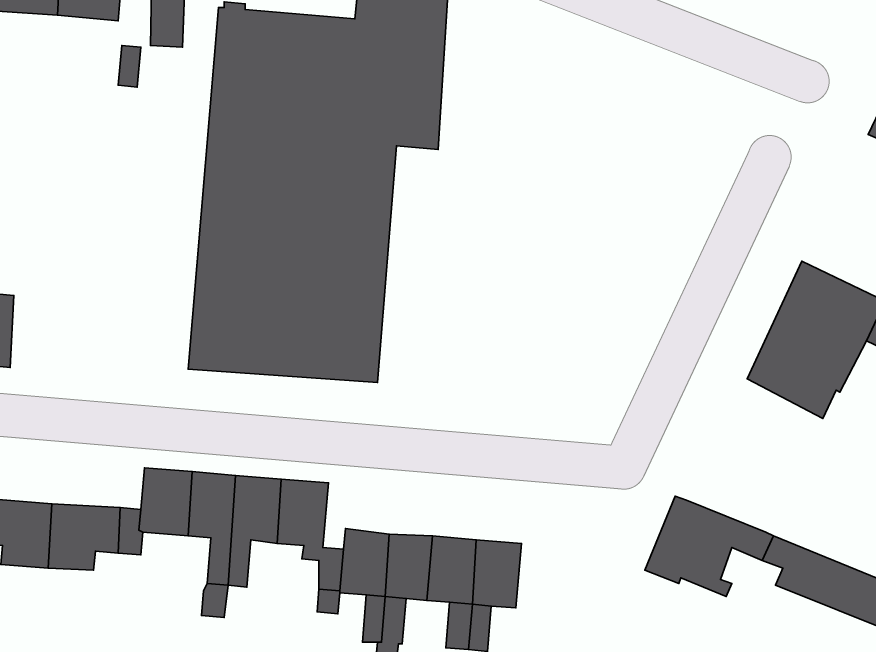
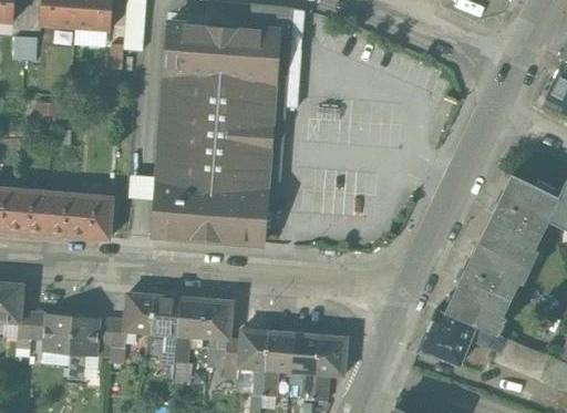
building: none -> [47,193,112,240]
building: none -> [442,241,522,331]

